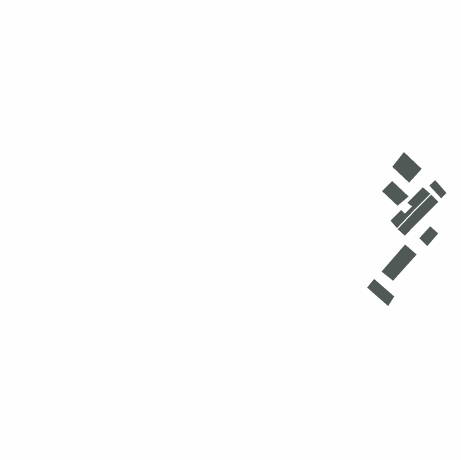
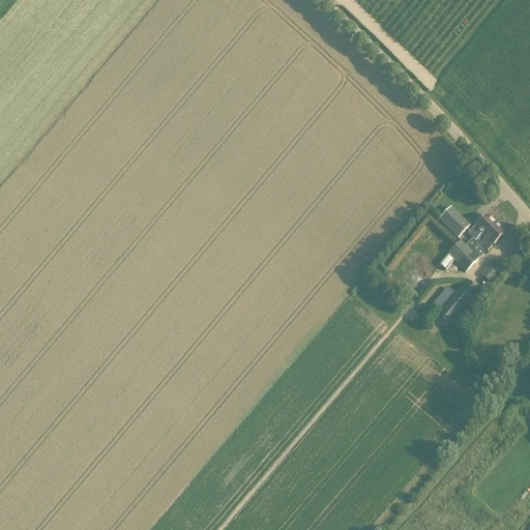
building: [392,151,422,184] -> none
building: [366,278,395,307] -> none

